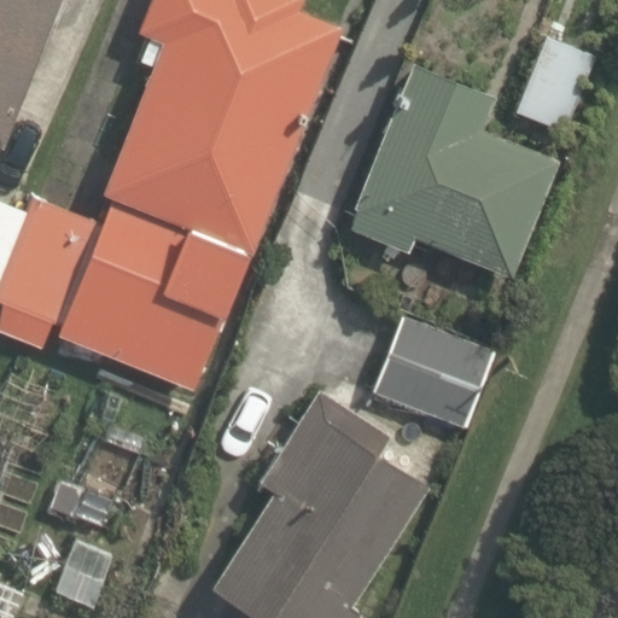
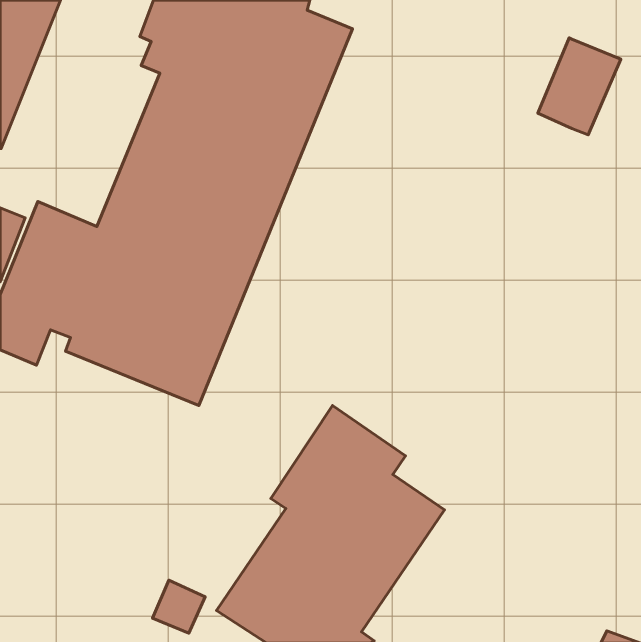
building: [350,66,555,278] -> none
building: [375,315,494,426] -> none

